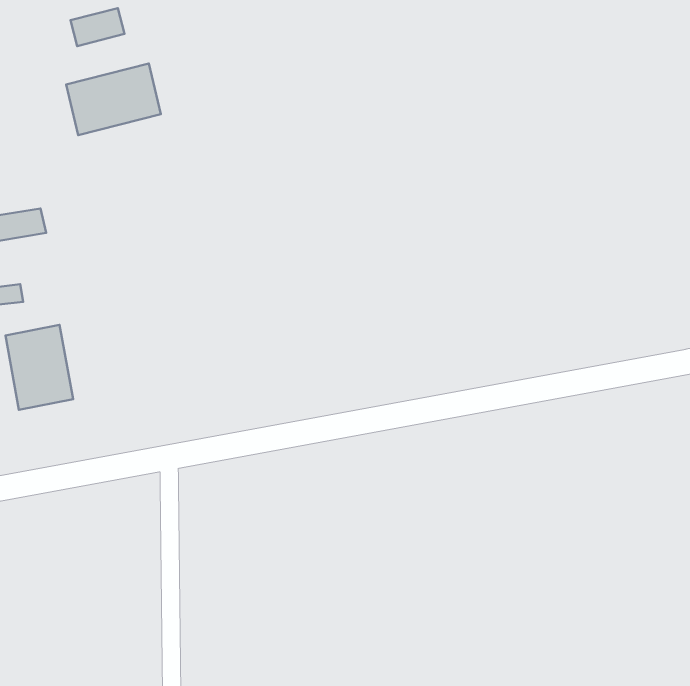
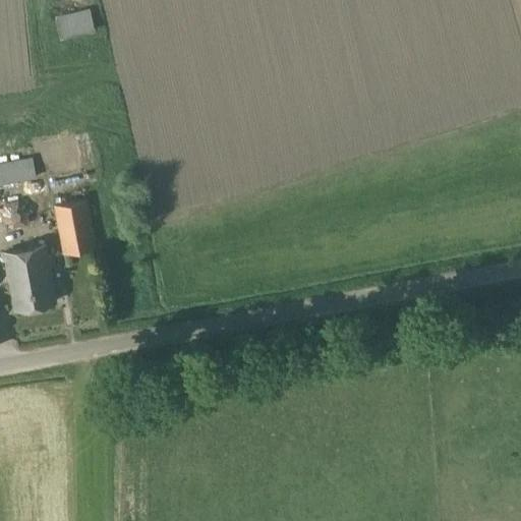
building: [66,63,161,135] -> none
building: none -> [57,204,96,255]

